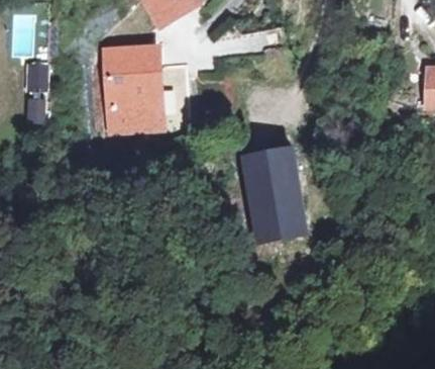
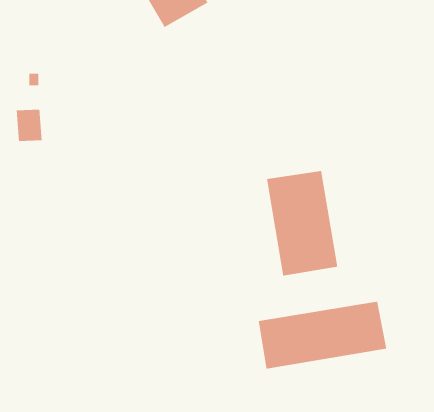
building: [109,51,162,130] -> none
building: none -> [258,301,387,369]

